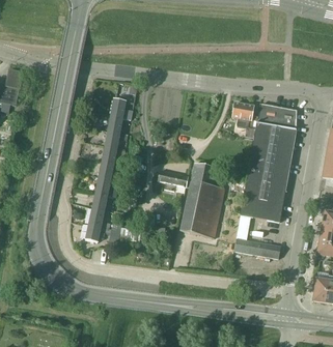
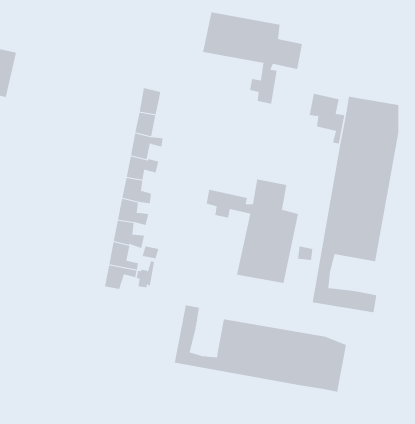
building: none -> [203,11,303,104]
building: none -> [174,304,346,392]

